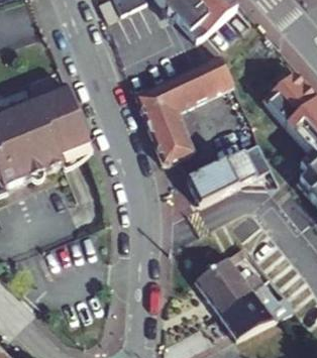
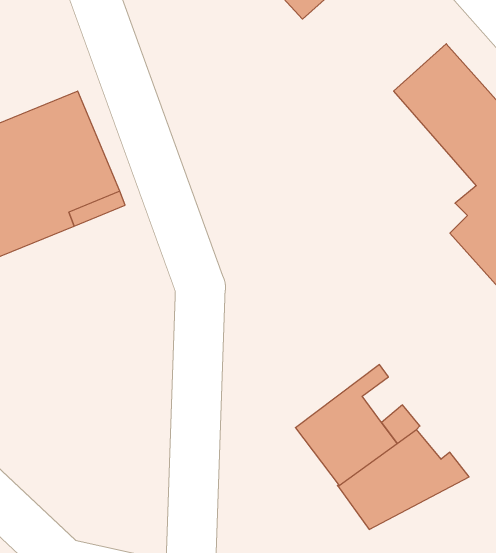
building: [135,53,232,163] -> none
building: [187,141,278,203] -> none

